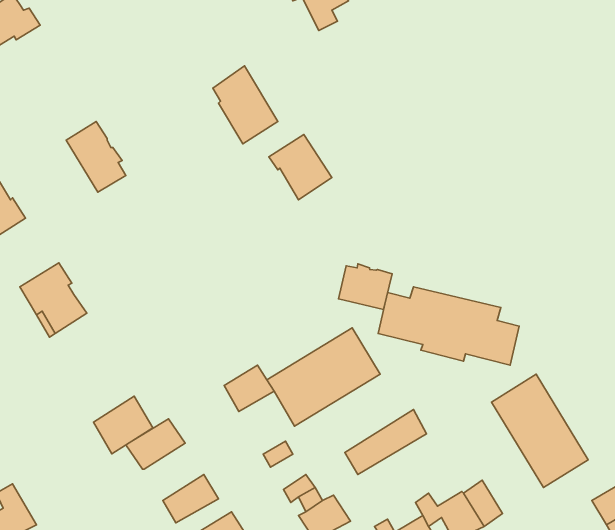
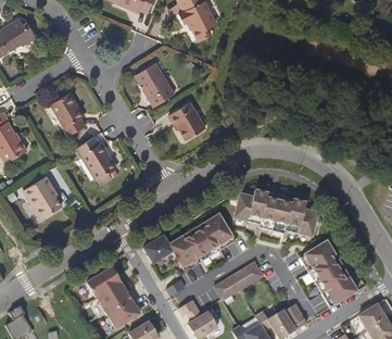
building: none -> [77,136,115,178]
building: [338,264,392,309] -> none
building: [93,396,153,454] -> [97,281,131,315]

